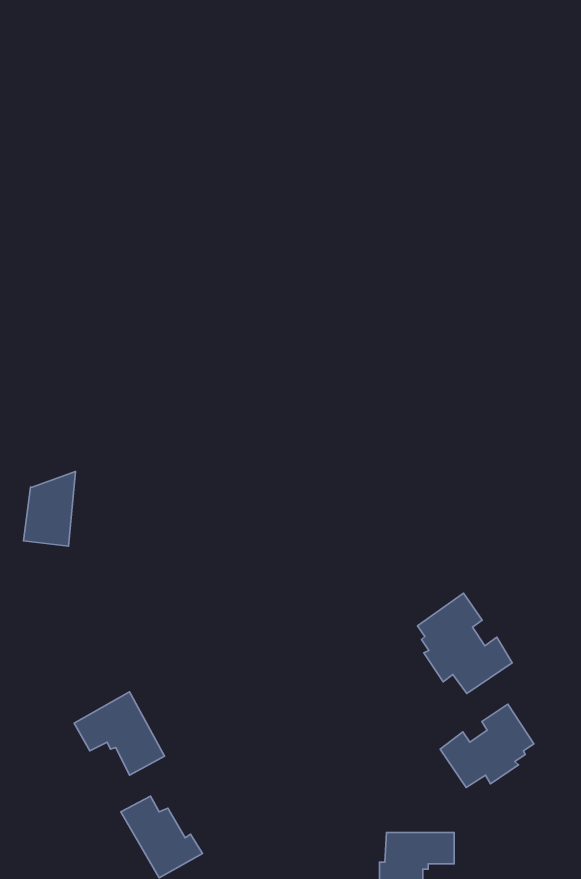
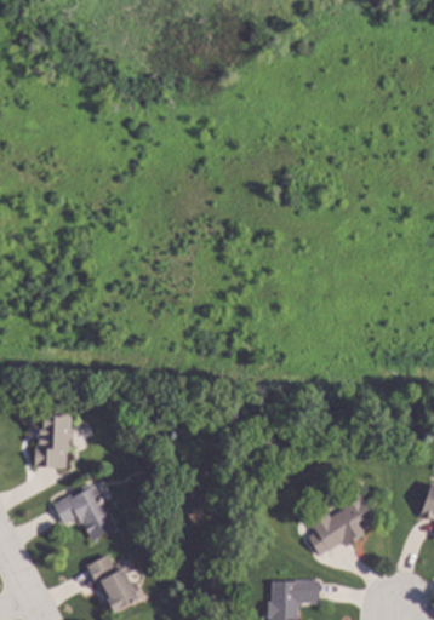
building: [23,471,75,546] -> [35,417,72,469]
building: [417,593,512,694] -> none

